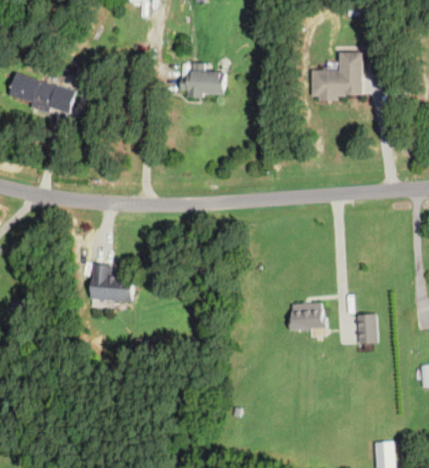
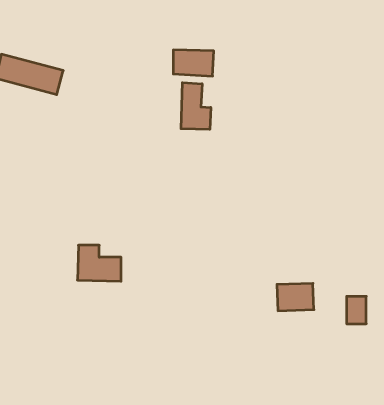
building: [311,52,363,98] -> none
building: none -> [181,83,211,129]

